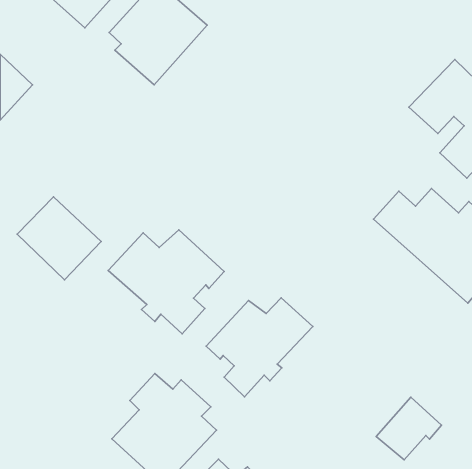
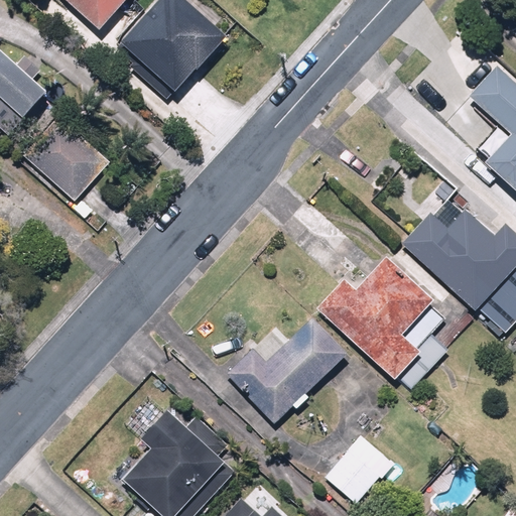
building: [17,197,101,280] -> [21,112,112,202]
building: [108,230,224,334] -> none
building: none -> [315,259,452,389]
building: [376,397,442,460] -> [324,436,394,504]

